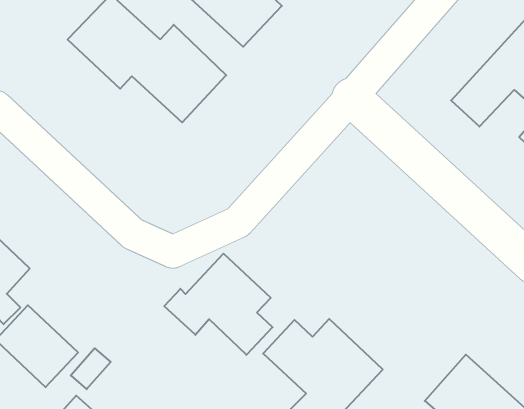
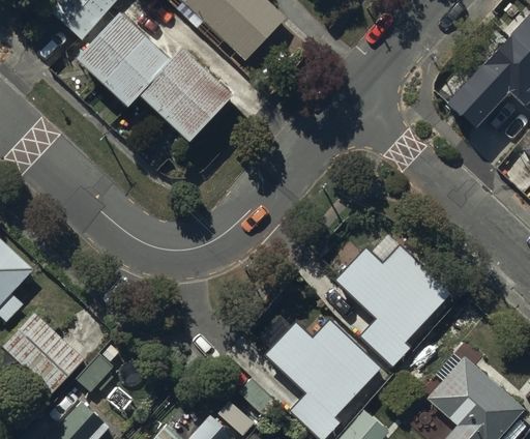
building: none -> [332,247,450,371]
building: [164,254,273,355] -> none

